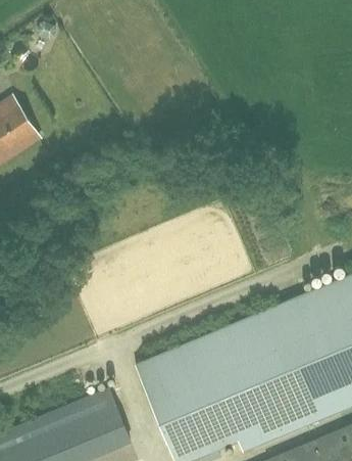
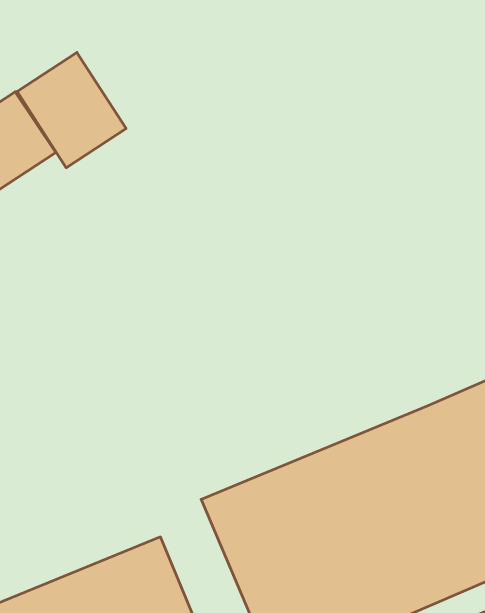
building: none -> [17,52,126,168]

